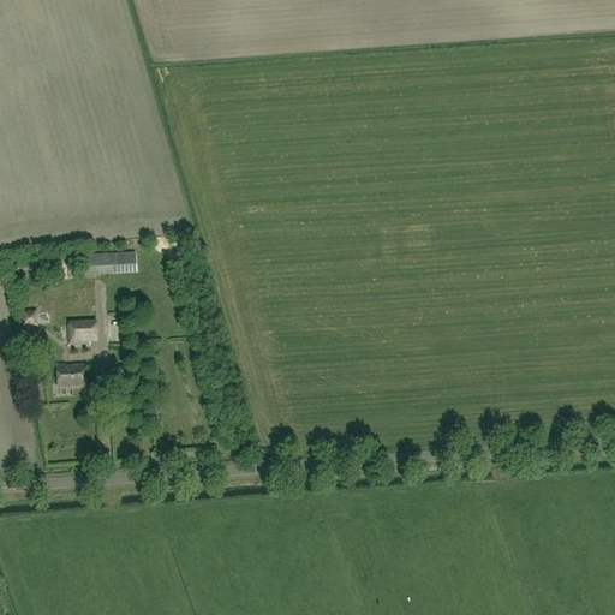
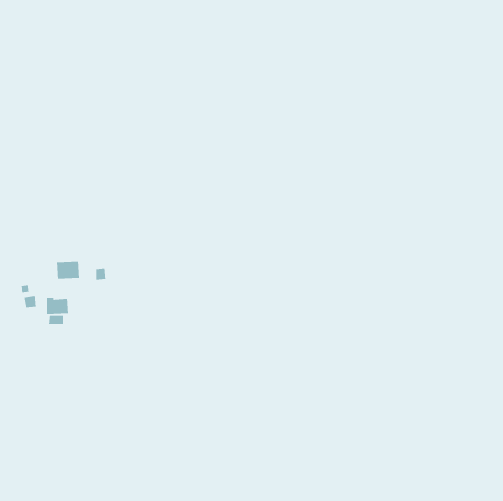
building: [90,252,126,270] -> none

